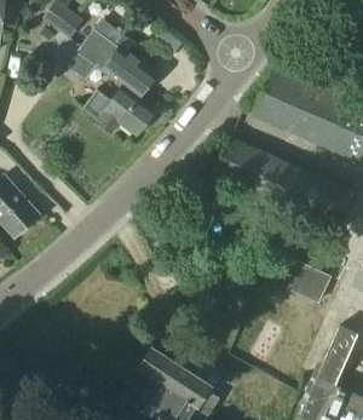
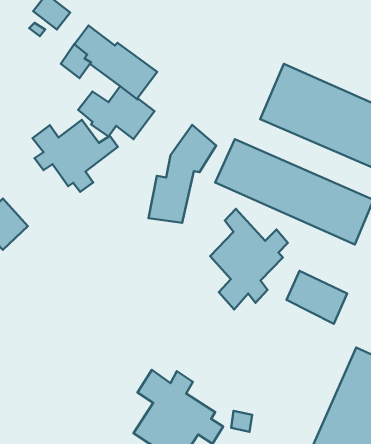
building: none -> [33,120,118,192]
building: none -> [148,125,216,223]
building: none -> [210,209,288,309]

